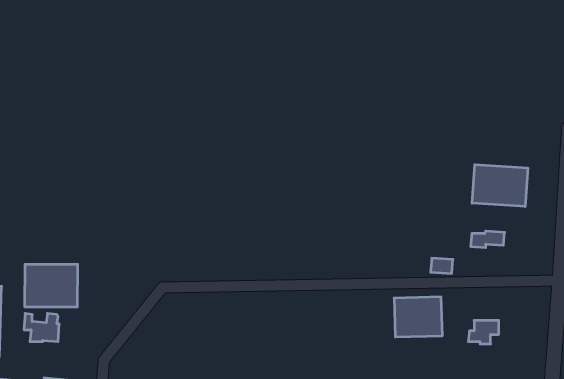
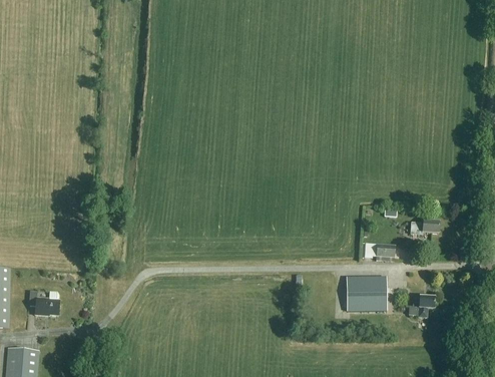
building: [472,165,528,207] -> none
building: [25,264,78,307] -> none

